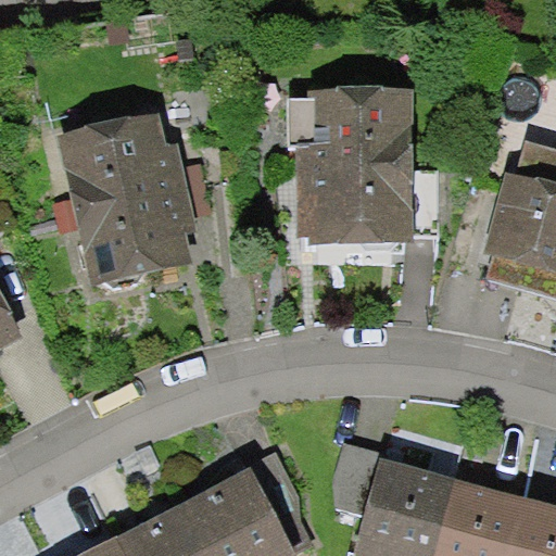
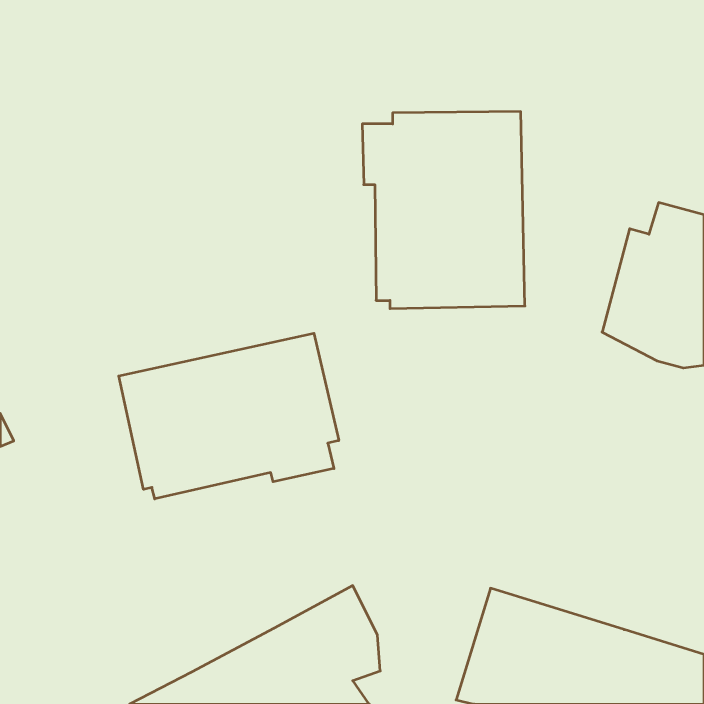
building: [55,110,198,286] -> none
building: none -> [119,333,339,499]

